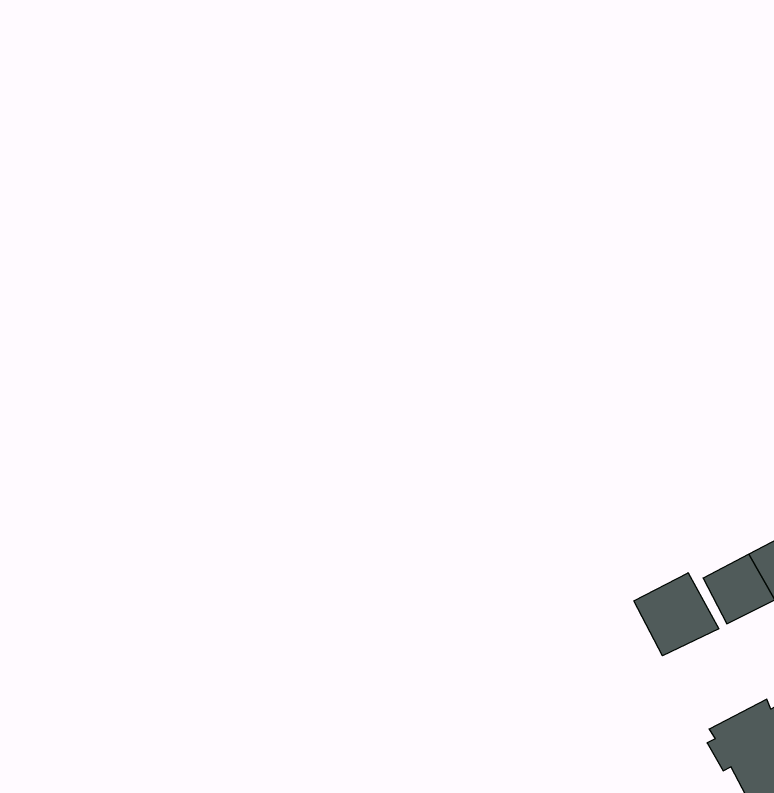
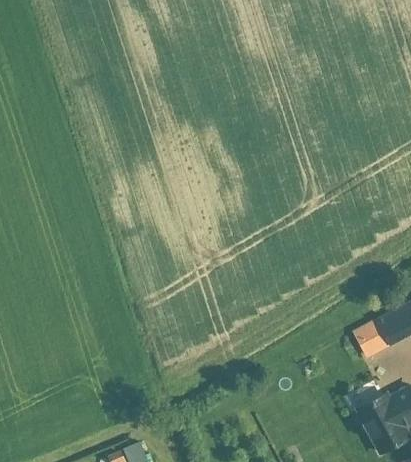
building: [634,573,719,656] -> none

